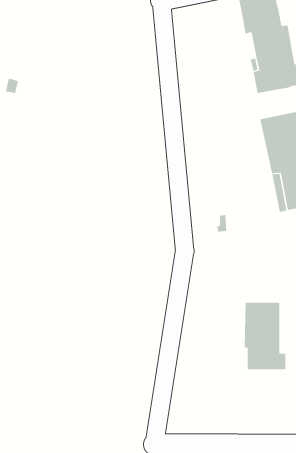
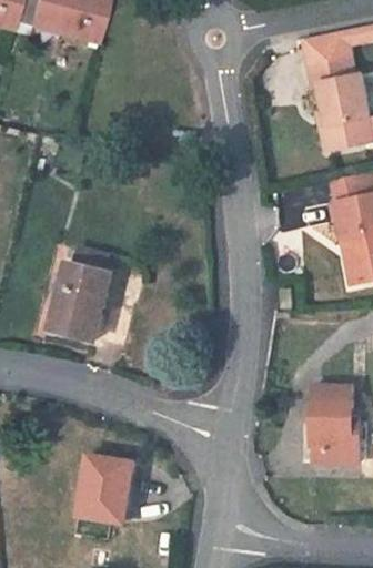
building: none -> [49,263,110,342]
building: none -> [78,456,133,524]

